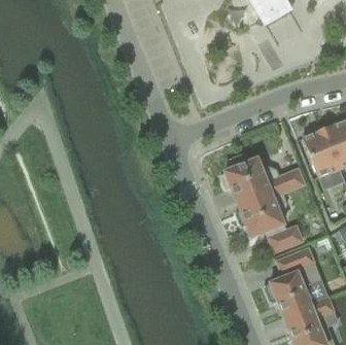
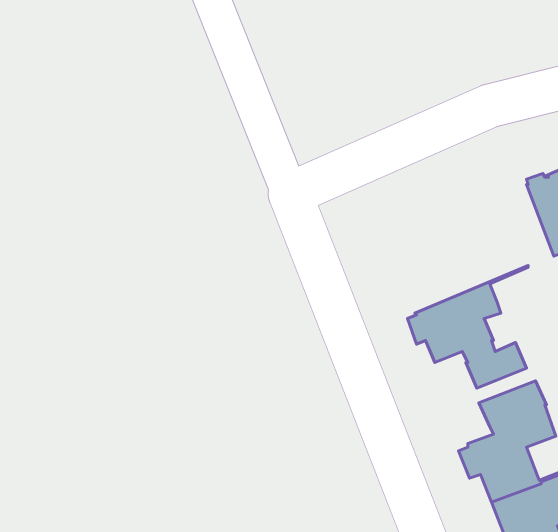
building: [220,153,304,209] -> none

